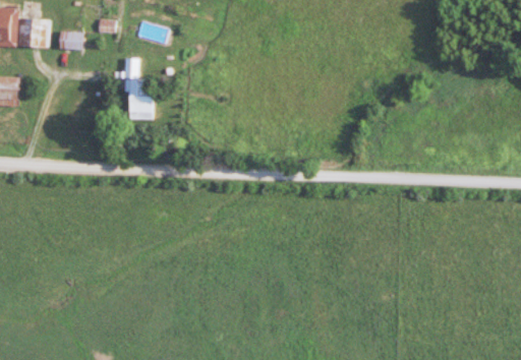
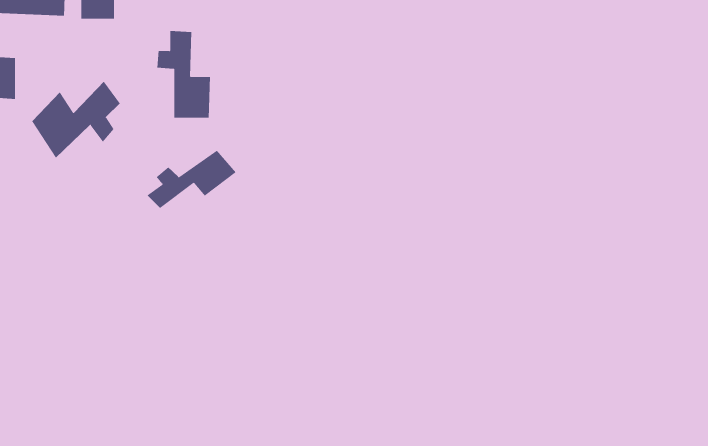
building: none -> [31,81,121,159]
building: none -> [146,150,236,209]

